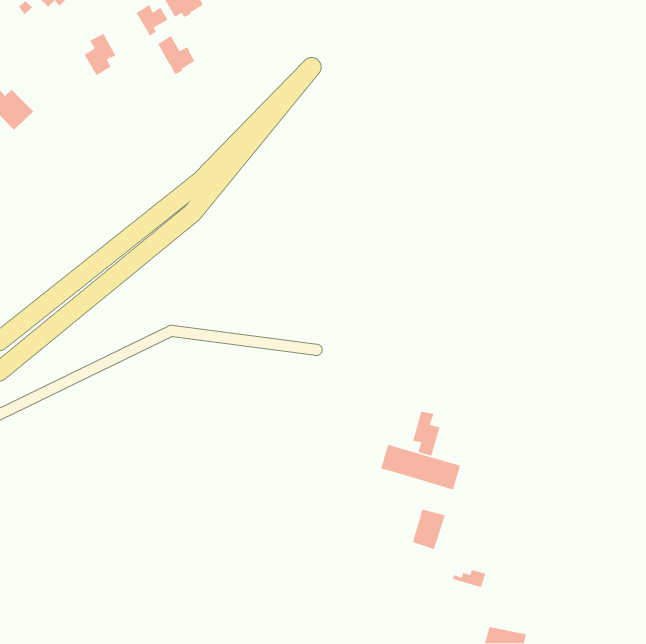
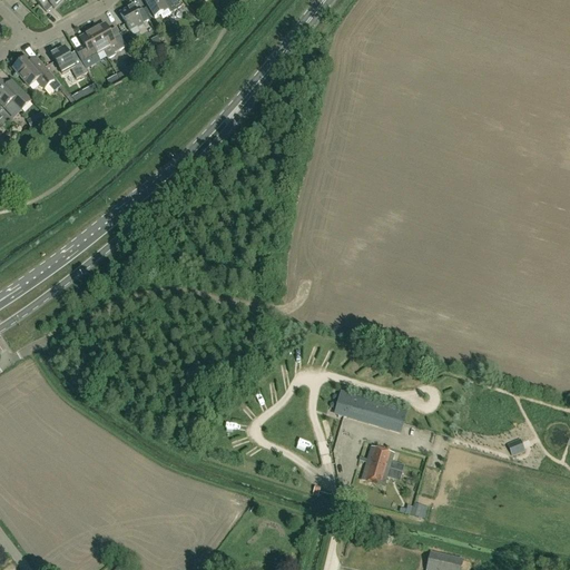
building: [157,35,195,75] -> [91,21,125,57]
building: none -> [50,45,87,77]
building: none -> [12,56,53,87]
building: [412,411,440,457] -> none

